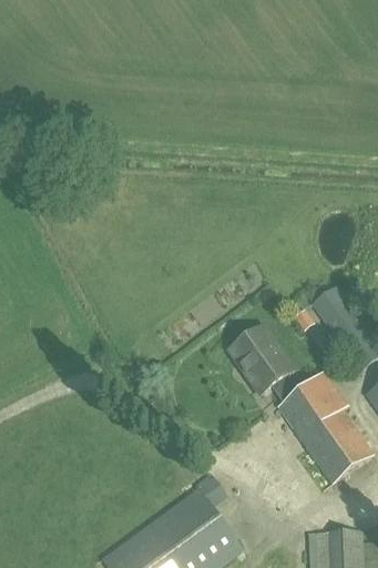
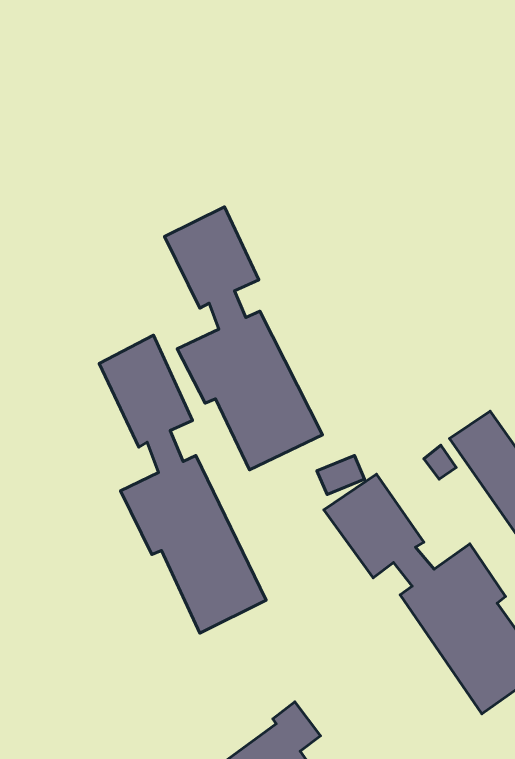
building: none -> [165,207,322,470]
building: none -> [99,335,266,633]

